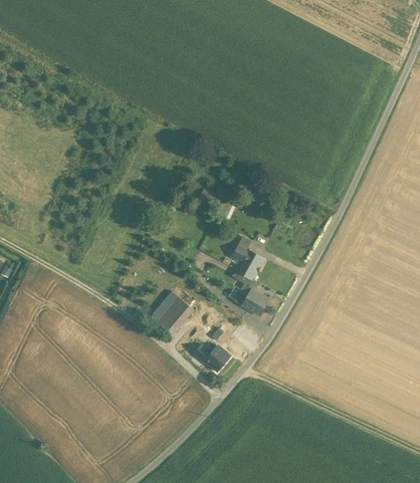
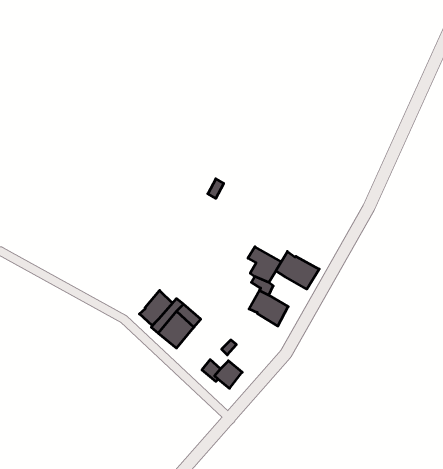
building: none -> [276,251,319,289]
building: none -> [139,290,173,326]

